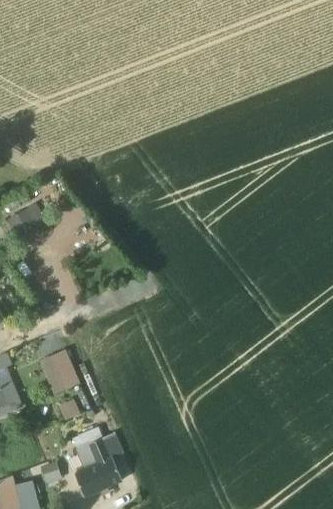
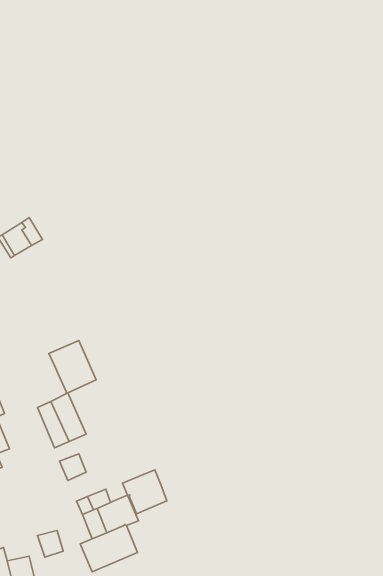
building: none -> [49,340,96,393]
building: none -> [122,470,167,514]

